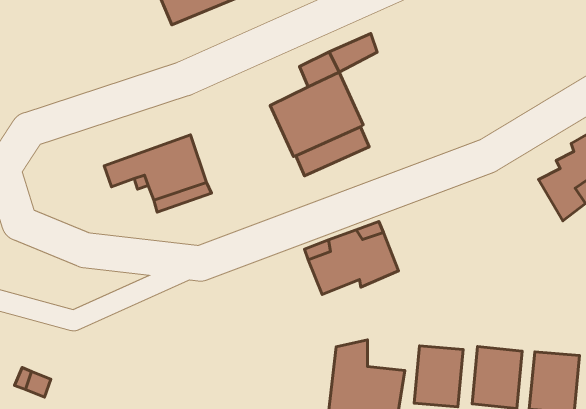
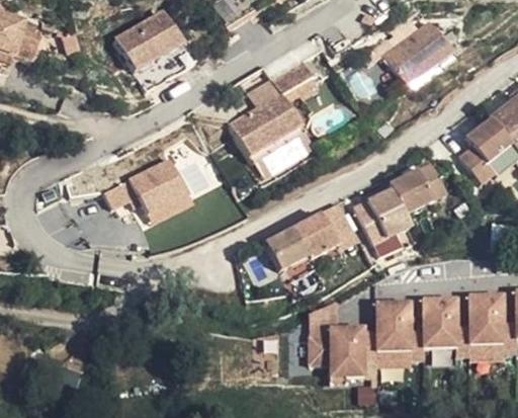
building: none -> [385,22,453,86]
building: none -> [349,160,443,244]

